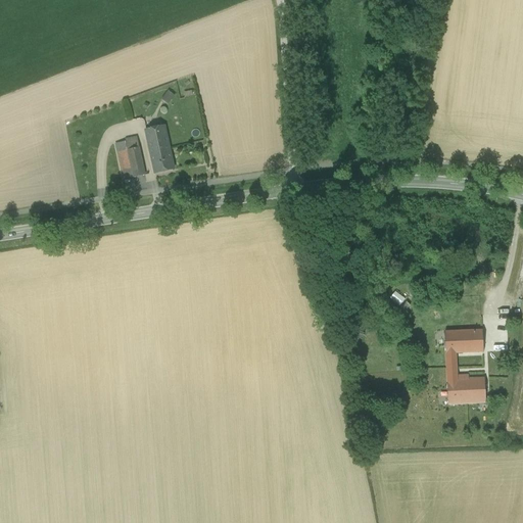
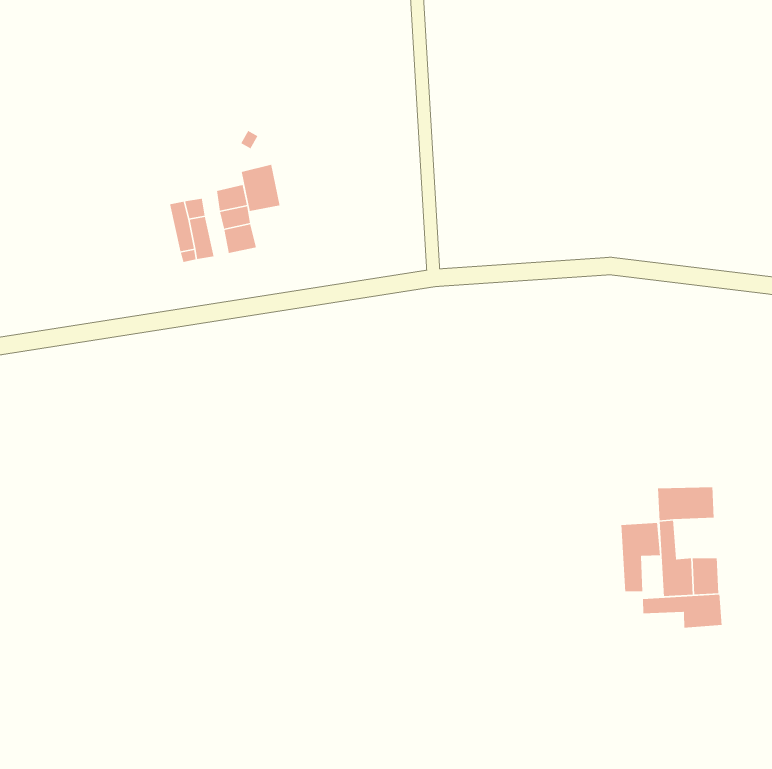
building: none -> [241,164,281,212]
building: none -> [620,522,661,592]
building: none -> [642,594,722,628]

